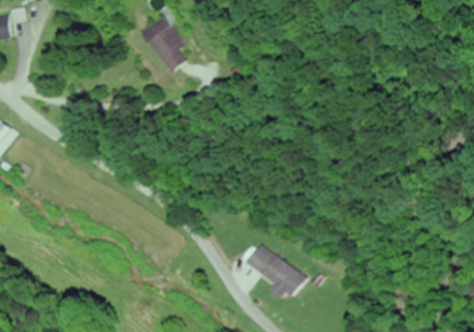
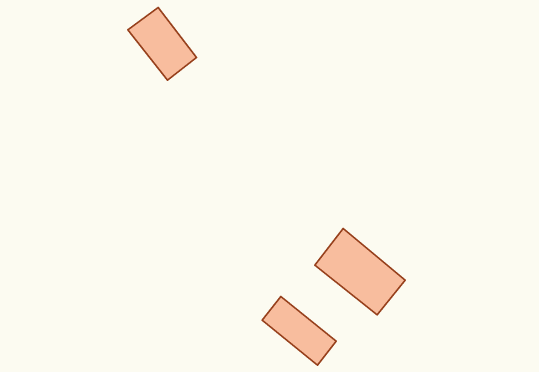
building: none -> [315,229,405,315]

